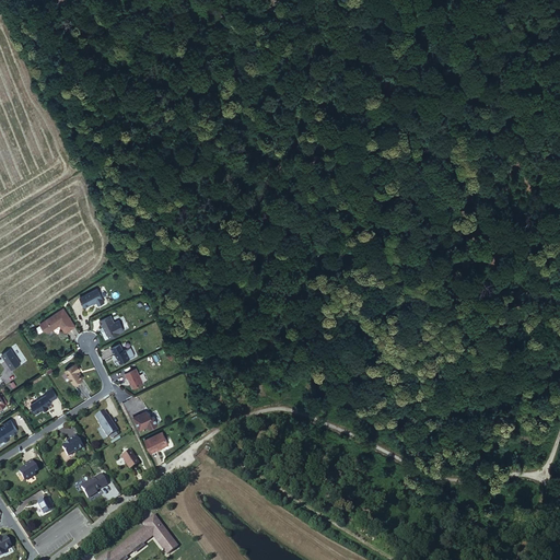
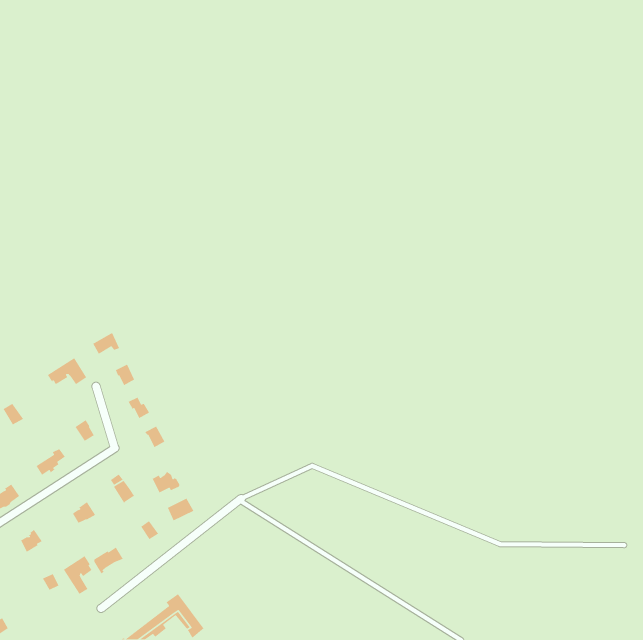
building: none -> [63,555,93,595]

